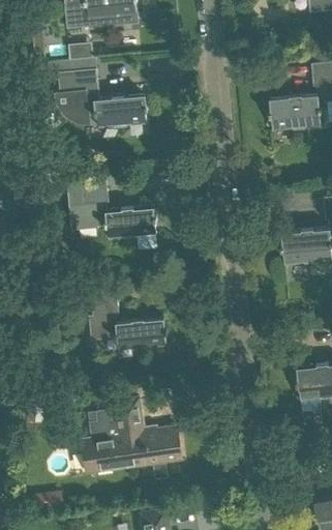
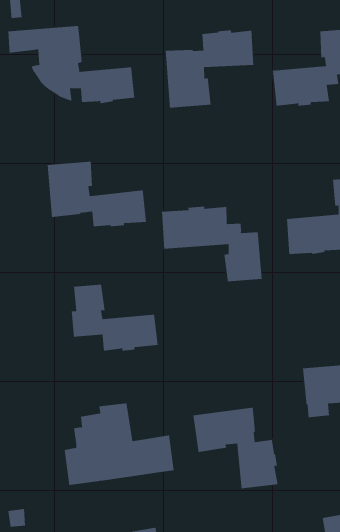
building: none -> [165,30,254,109]
building: none -> [161,206,262,282]
building: none -> [193,407,278,489]

